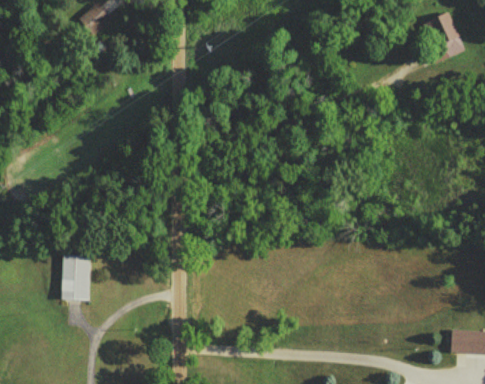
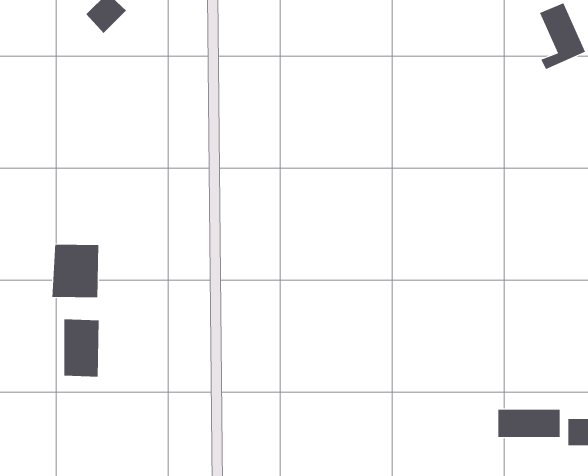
building: none -> [52,244,99,298]
building: none -> [498,409,560,438]

